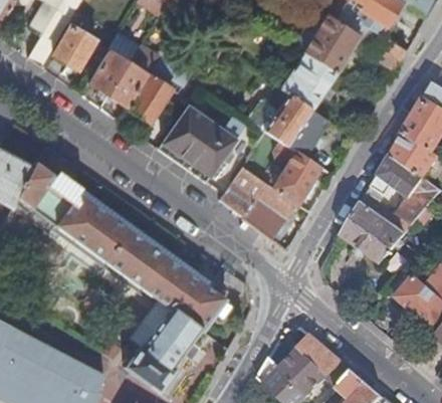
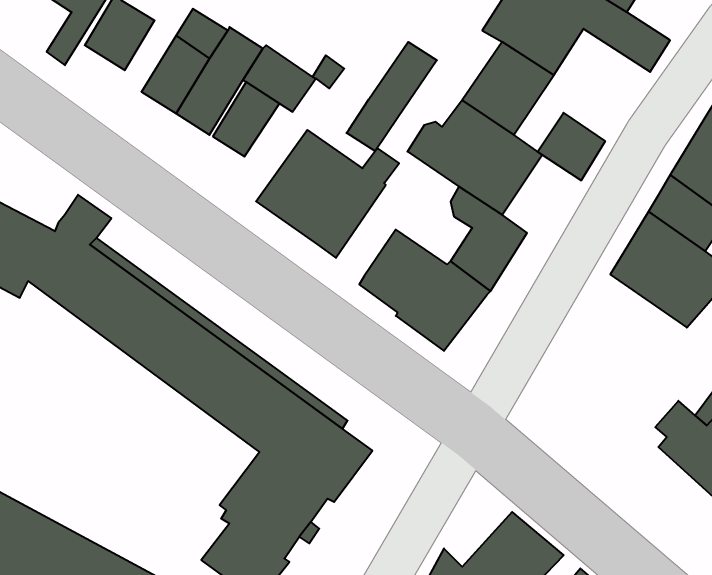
building: none -> [346,42,437,151]
building: none -> [538,113,605,181]
building: [344,193,416,263] -> none

